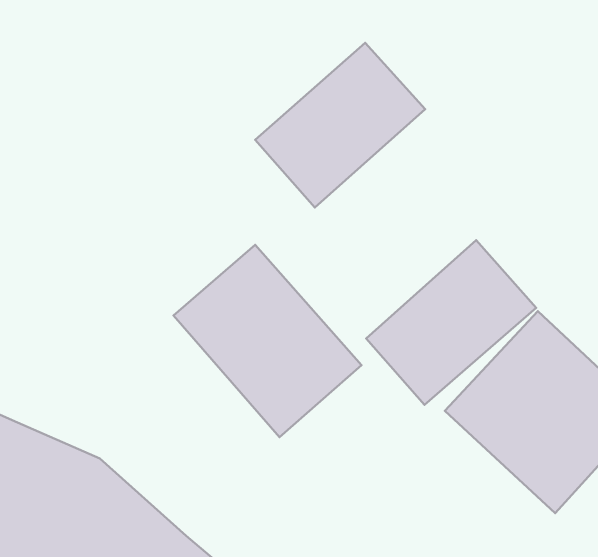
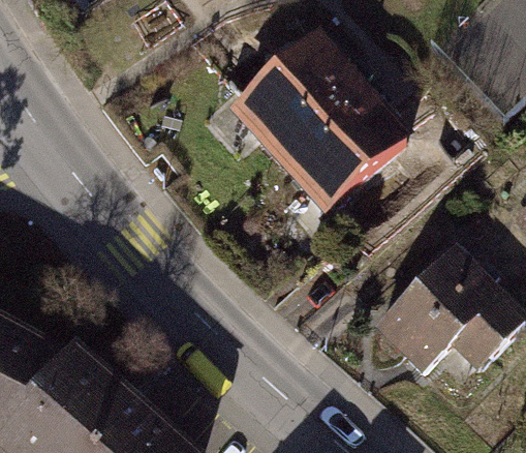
building: [366,240,536,405] -> [276,87,408,215]
building: [174,245,361,437] -> none

